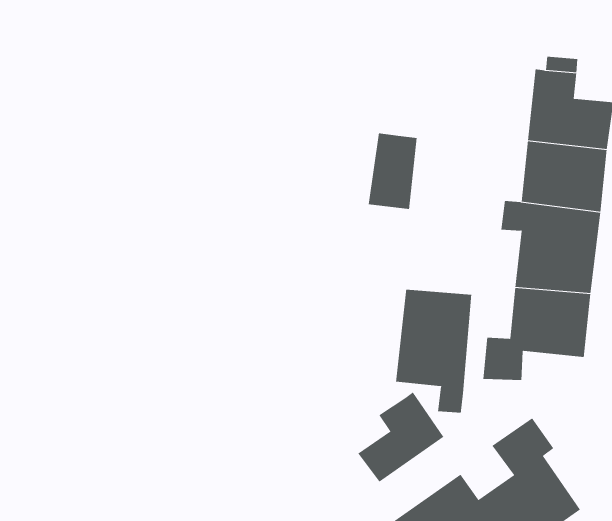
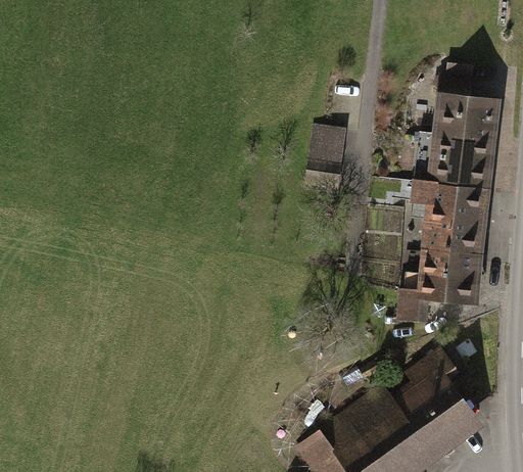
building: [396,289,472,413] -> none
building: [357,392,444,483] -> none

